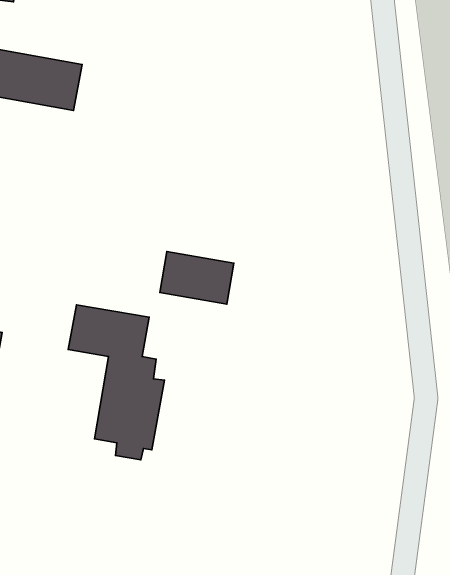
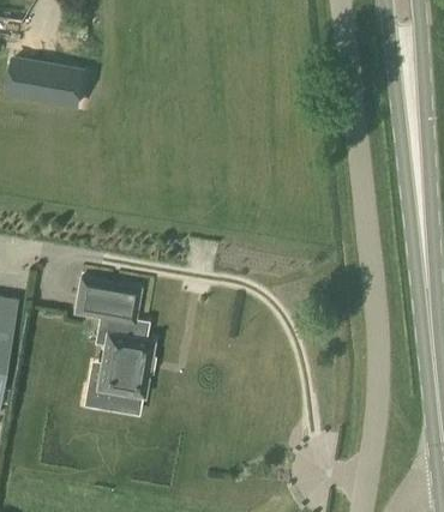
building: [160,251,234,304] -> none

